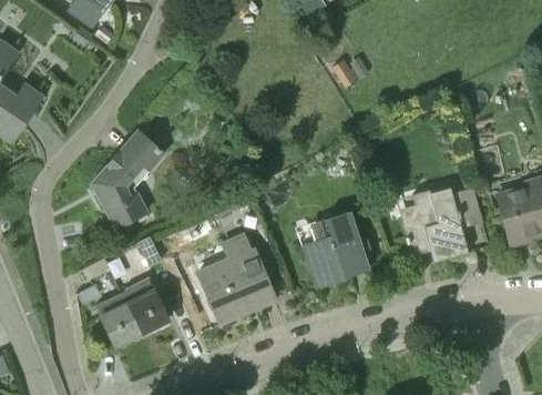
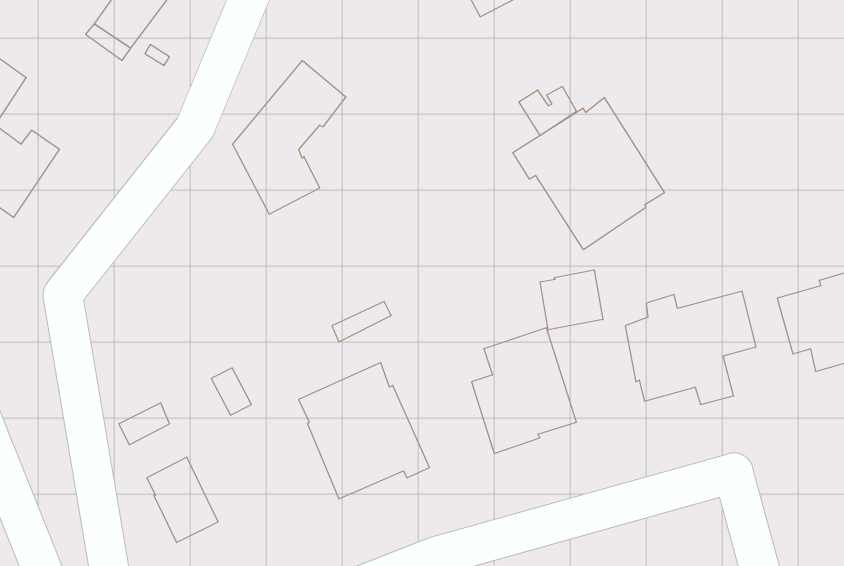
building: none -> [513,98,664,250]
building: [93,131,165,229] -> [232,60,346,214]
building: none -> [540,270,603,330]
building: [122,280,170,334] -> none

